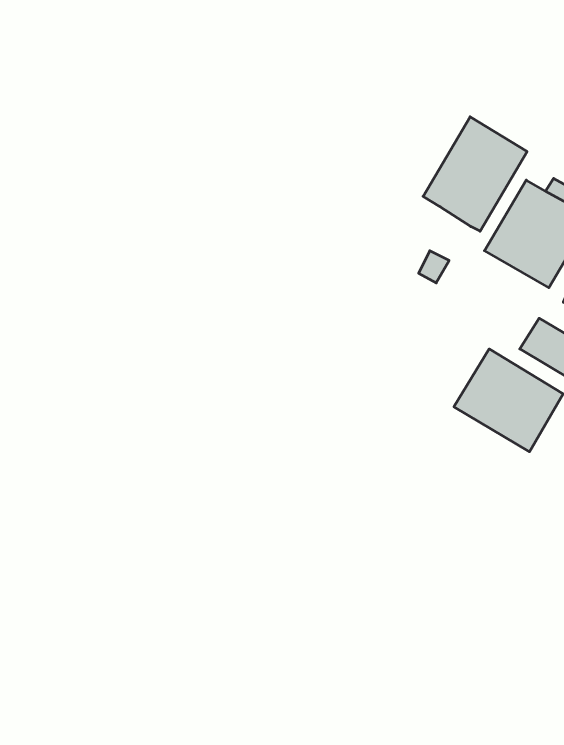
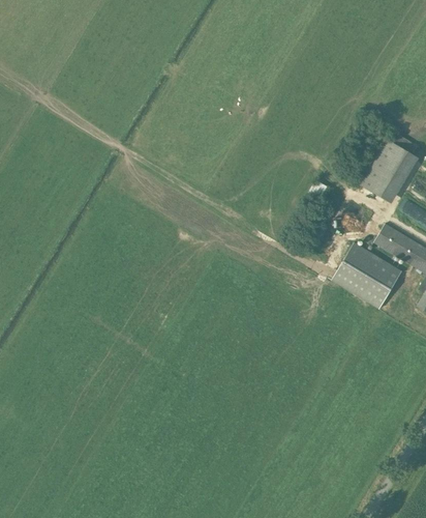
building: [423,117,527,231] -> none

